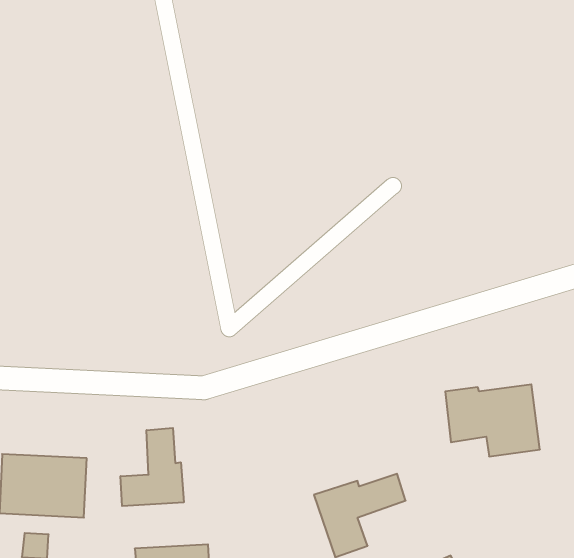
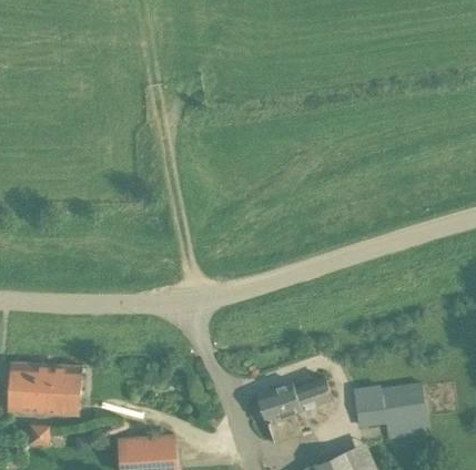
building: [445,384,540,456] -> [354,384,428,440]
building: [121,428,184,506] -> none

